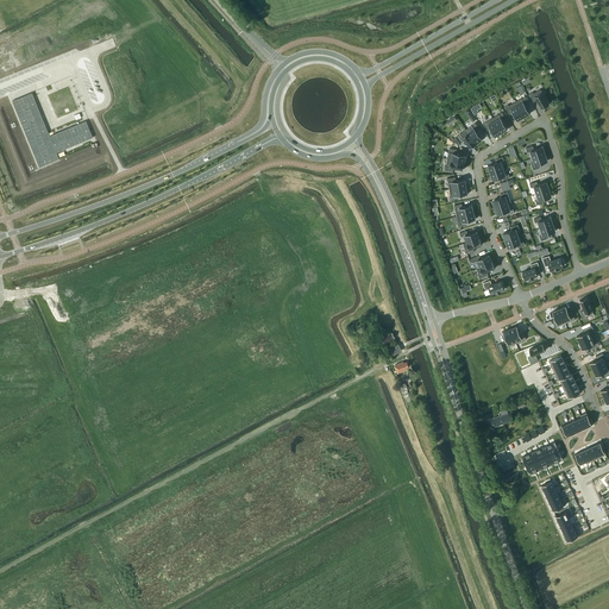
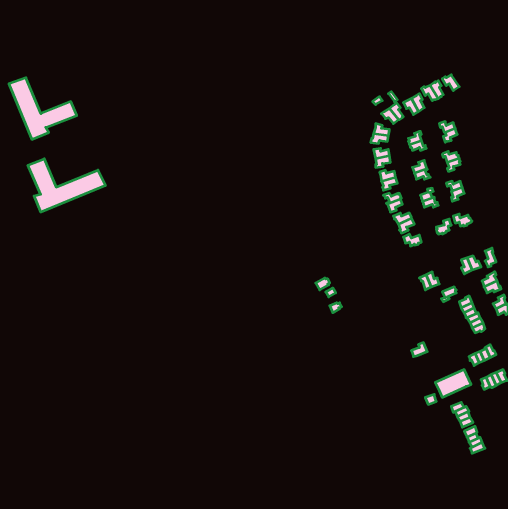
building: none -> [28,159,105,212]

